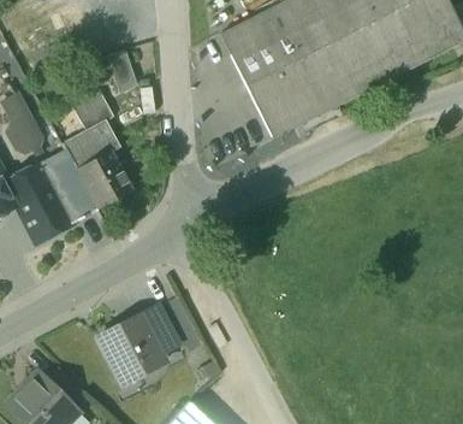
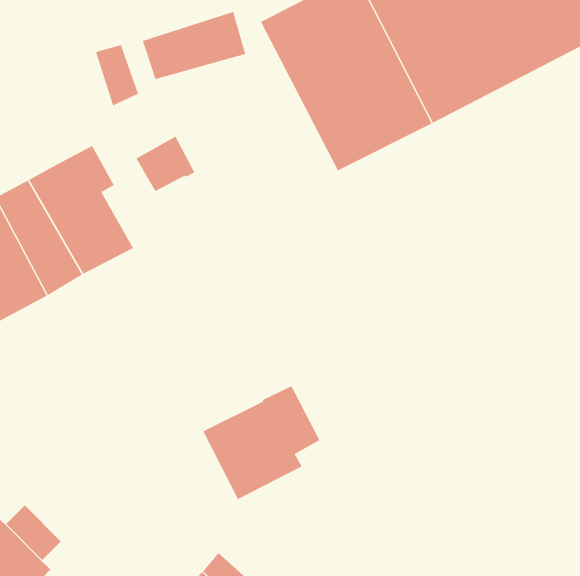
building: none -> [142,11,246,80]
building: [72,92,113,130] -> [135,136,195,192]
building: [97,306,178,384] -> [202,386,320,500]

